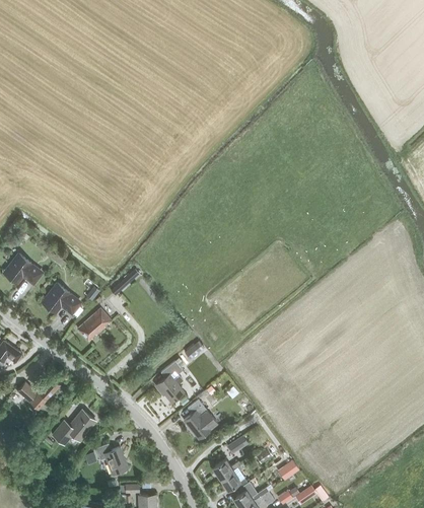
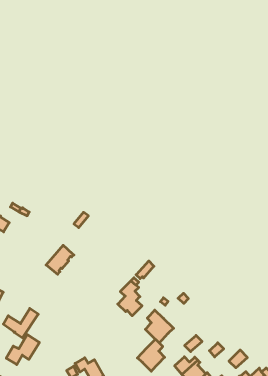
building: [44,284,79,312] -> none
building: [53,411,94,444] -> [6,335,39,365]
building: none -> [137,339,165,371]

